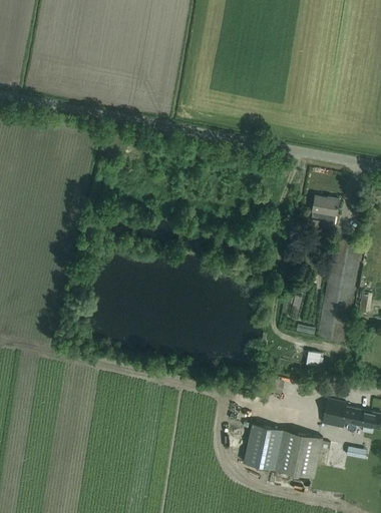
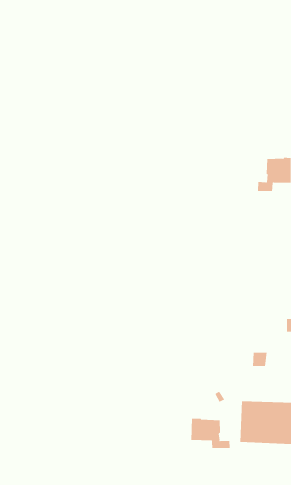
building: none -> [191,418,230,449]

